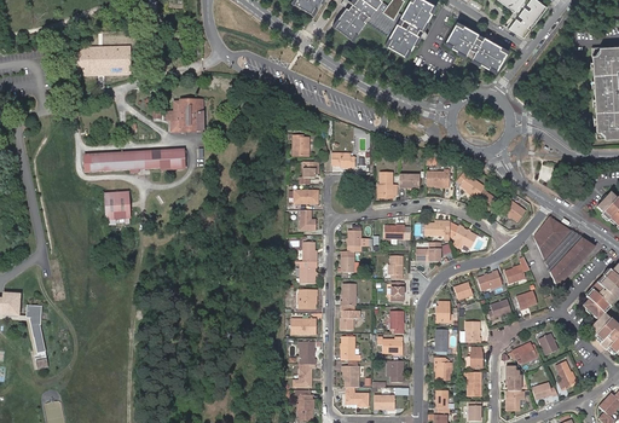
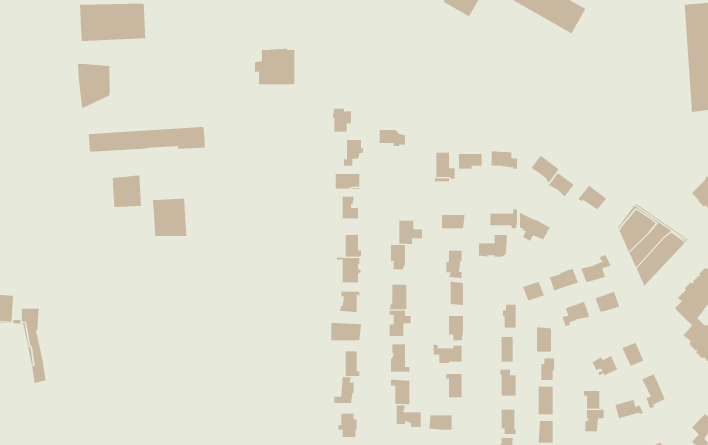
building: none -> [78,63,110,109]
building: [167,99,202,131] -> [254,48,295,85]
building: none -> [153,198,187,237]

